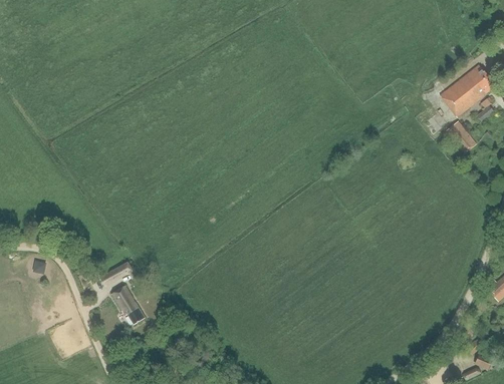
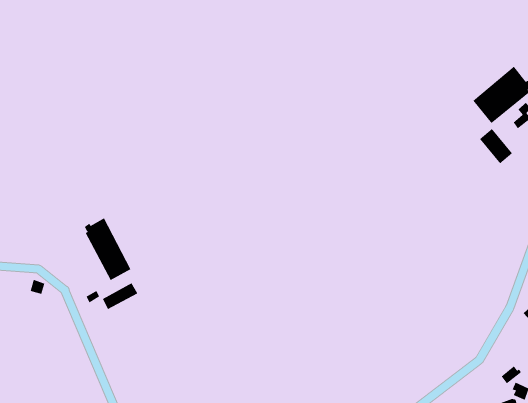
building: none -> [84,217,131,281]
building: [112,285,146,324] -> none

